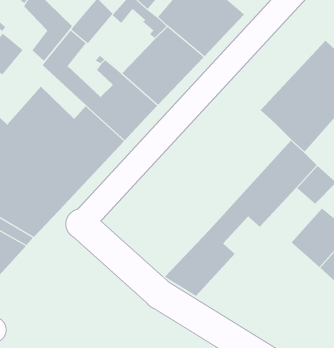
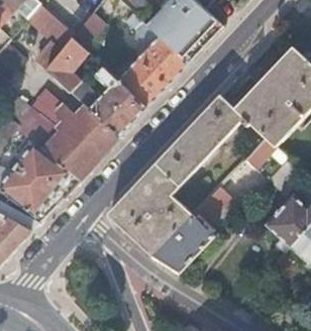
building: none -> [107,94,248,254]

